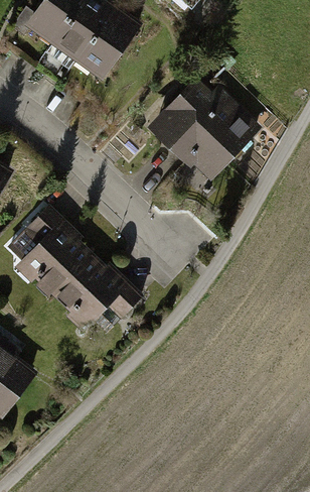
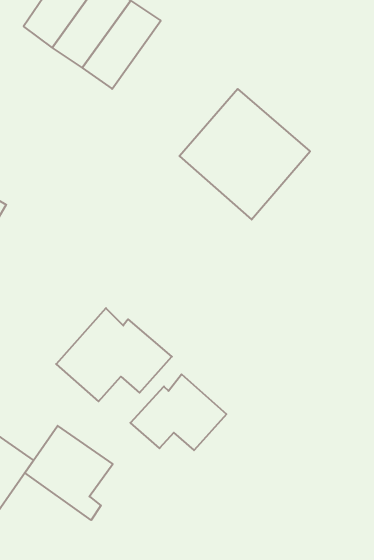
building: [15,205,92,298] -> none
building: none -> [130,374,226,450]
building: none -> [25,426,113,520]

